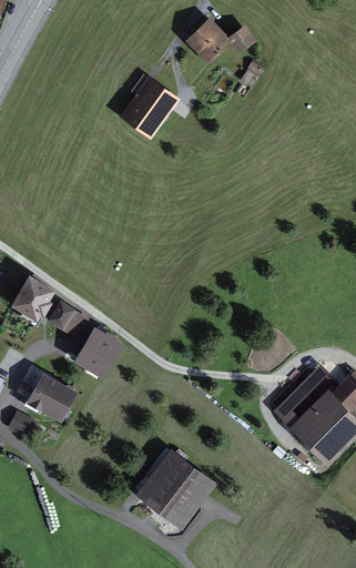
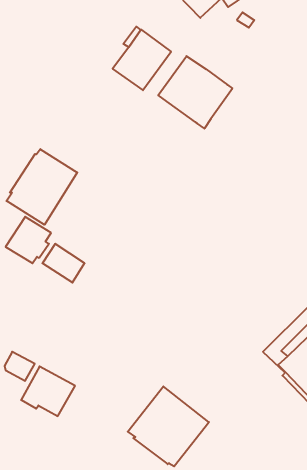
building: none -> [158,56,232,129]
building: none -> [6,149,77,225]
building: [72,323,125,378] -> none
building: [23,369,79,420] -> [21,366,75,416]

